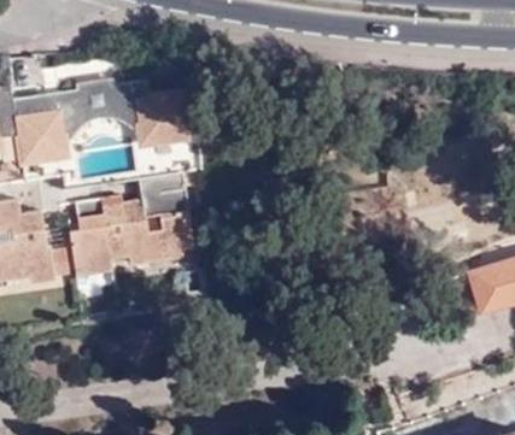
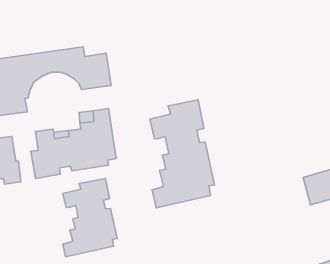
building: none -> [150,100,214,208]
building: none -> [63,178,117,257]

